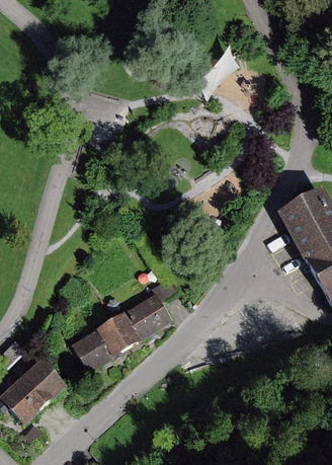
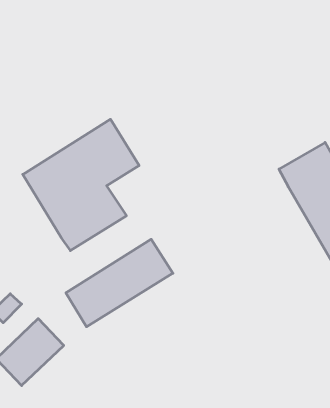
building: none -> [23,119,139,251]

